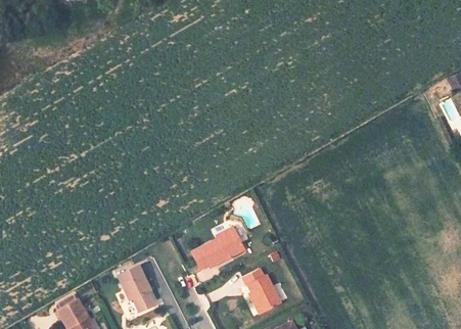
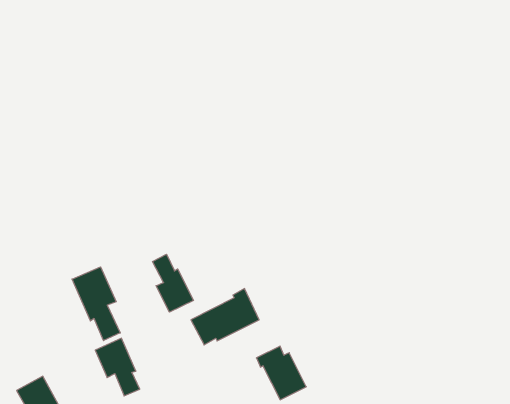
building: none -> [153,254,193,312]
building: none -> [72,267,120,341]

